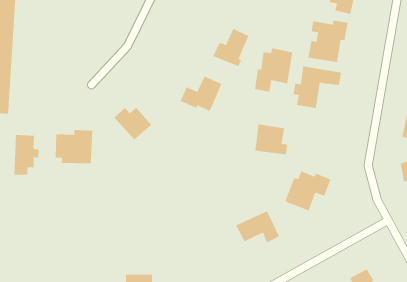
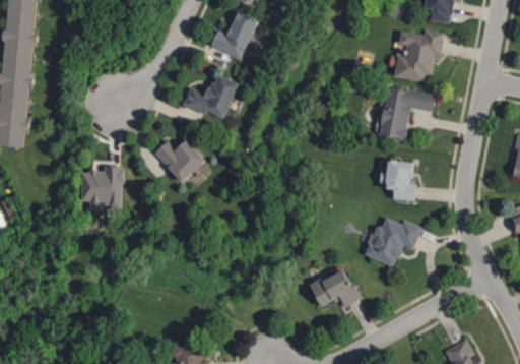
building: [212,28,249,67] -> [208,11,254,59]
building: [254,48,293,93] -> none
building: [180,76,222,112] -> [183,74,236,119]
building: [255,124,288,155] -> [379,160,420,198]
building: [14,134,39,175] -> none

